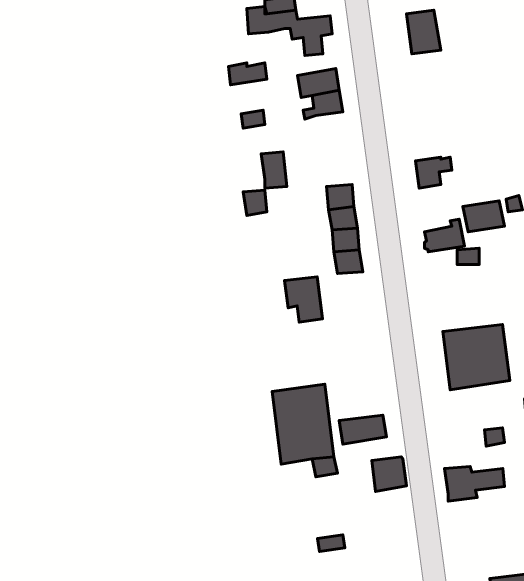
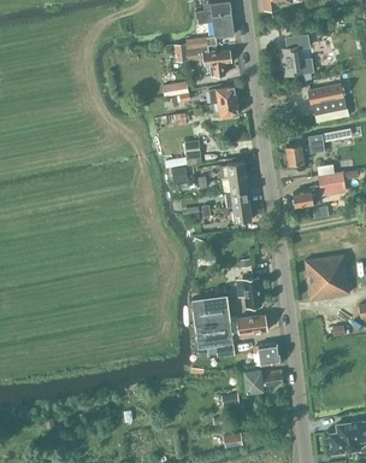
building: none -> [308,83,347,115]
building: none -> [308,128,352,154]
building: [285,277,323,322] -> [236,276,261,306]
building: [445,467,505,501] -> [243,369,283,392]

